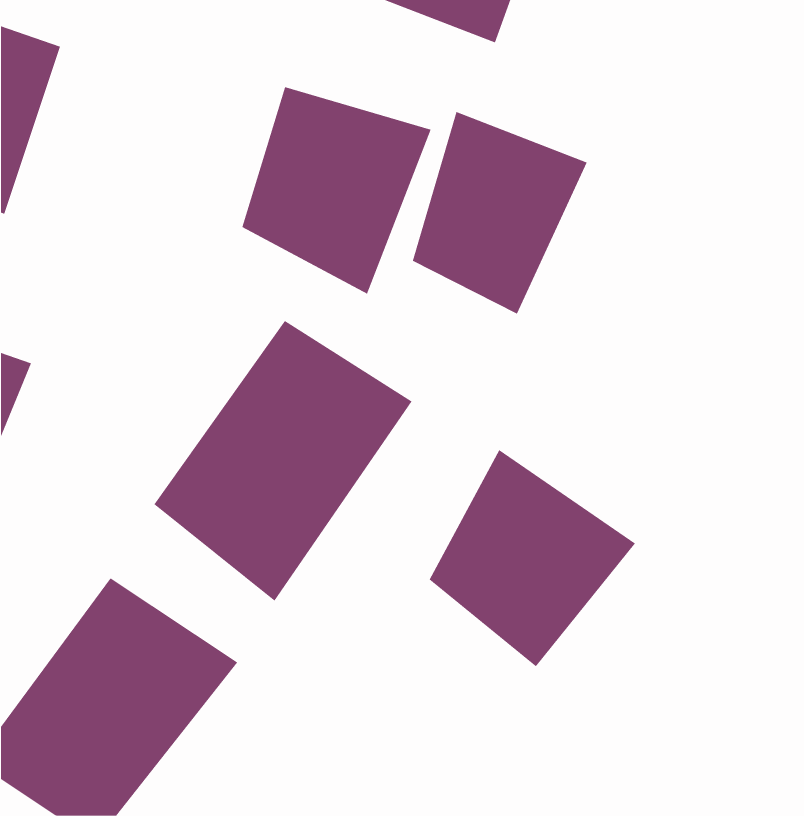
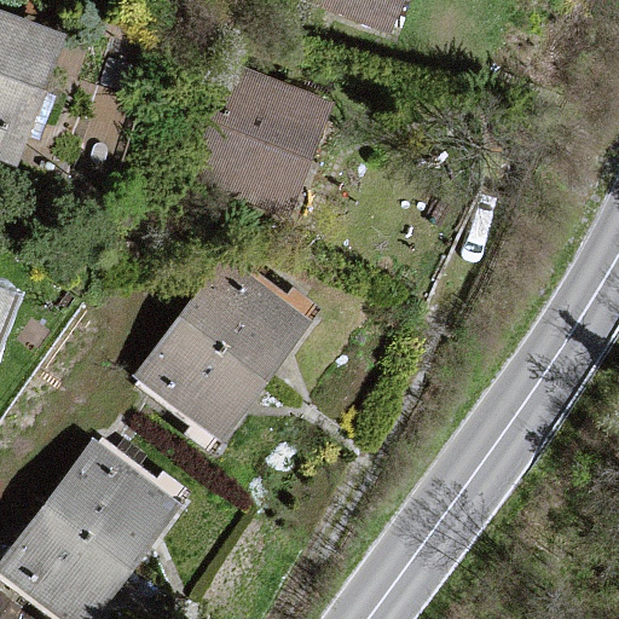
building: [412,111,587,315] -> none
building: [429,449,636,667] -> none

